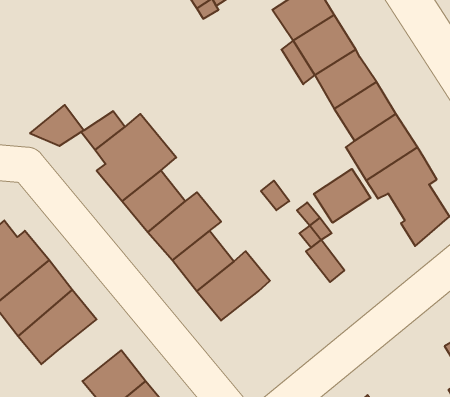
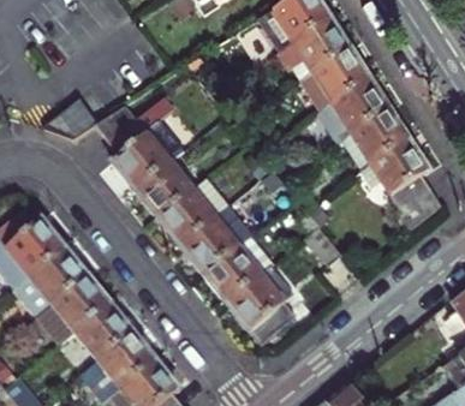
building: [314,169,371,223] -> none
building: none -> [226,275,296,345]
building: none -> [73,301,132,359]

